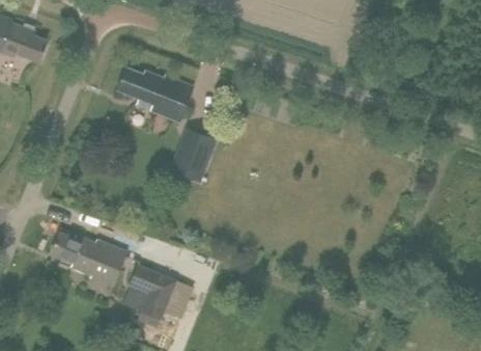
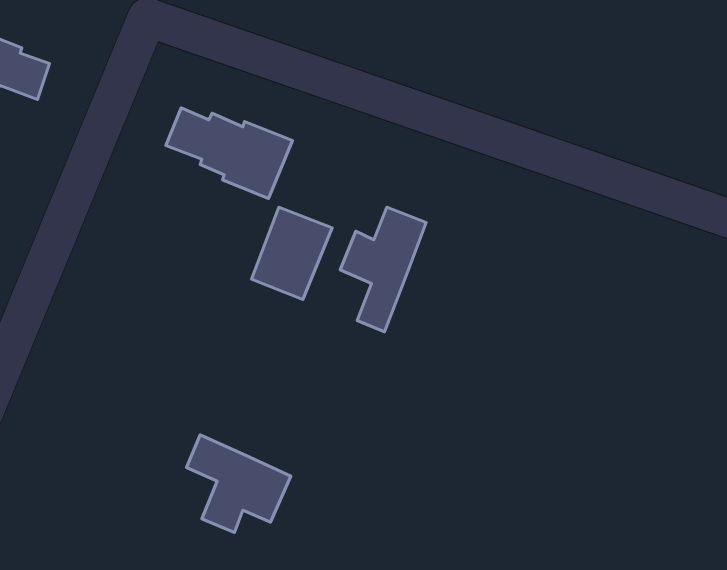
building: none -> [340,207,426,332]
building: [51,233,126,288] -> none

